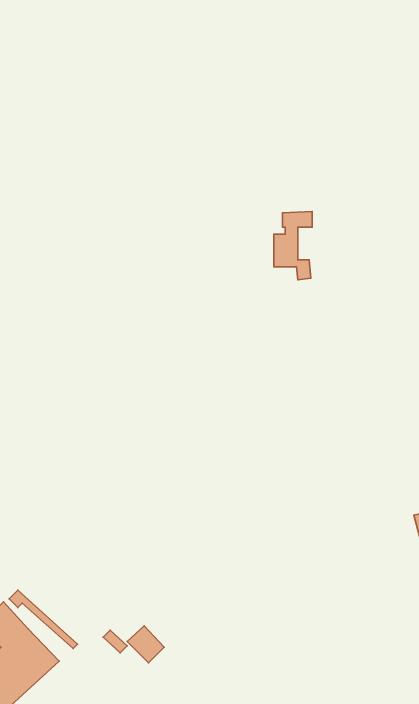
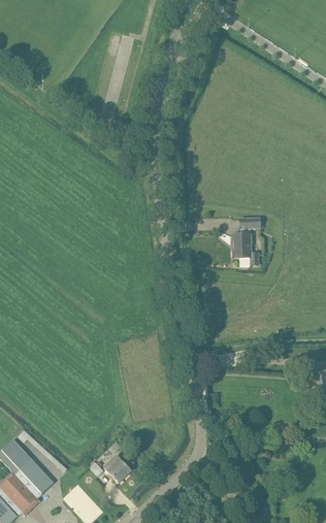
building: [274,212,312,280] -> [232,218,260,267]

